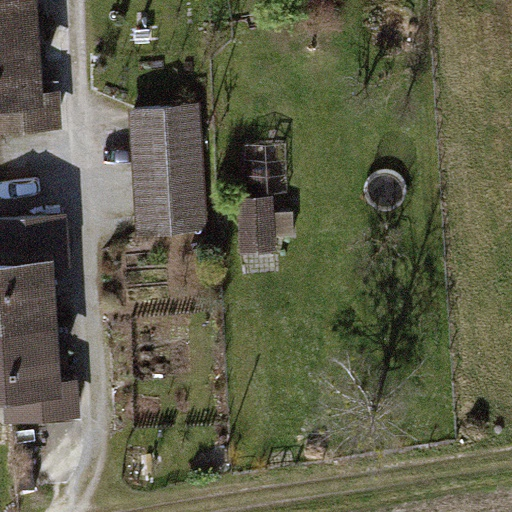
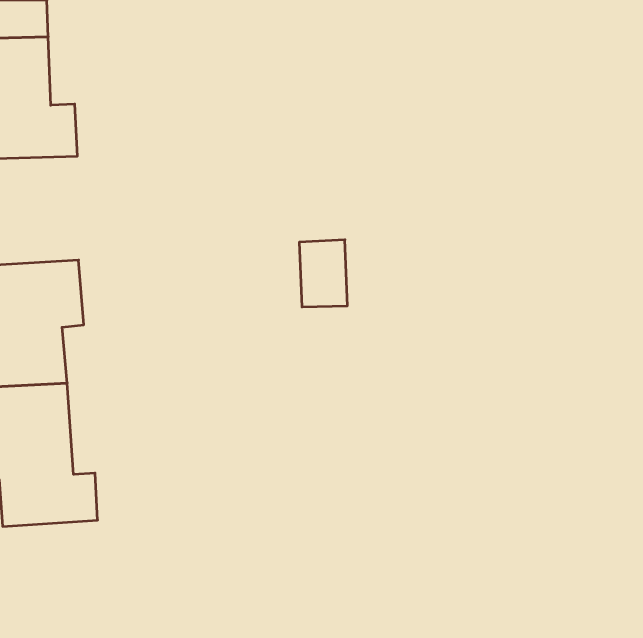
building: [129,103,206,235] -> none

